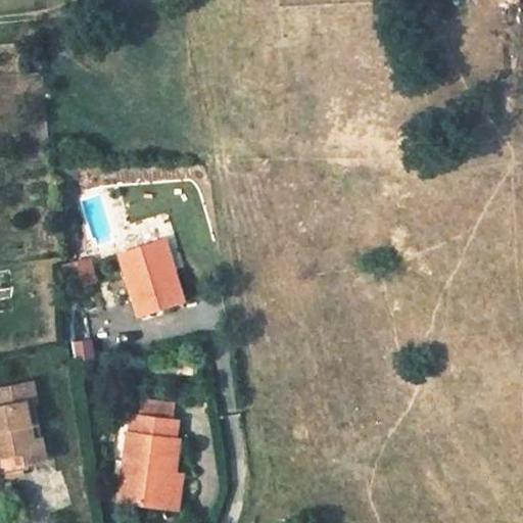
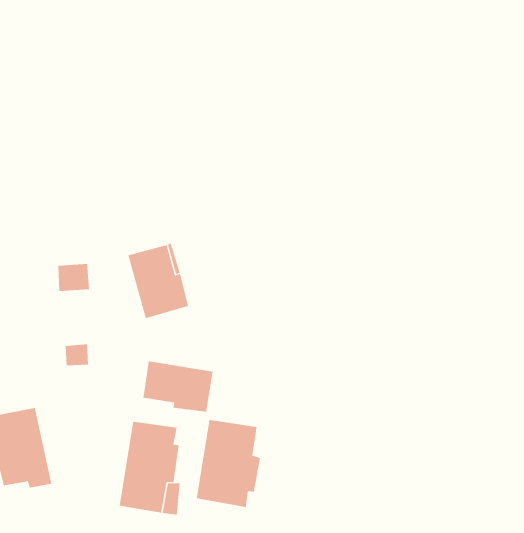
building: none -> [143,361,213,413]
building: none -> [196,419,261,508]

